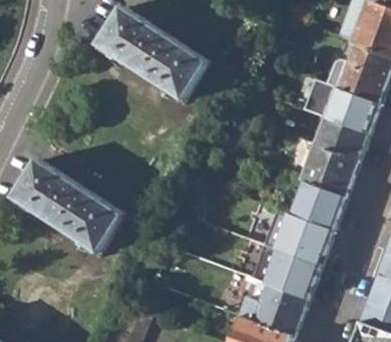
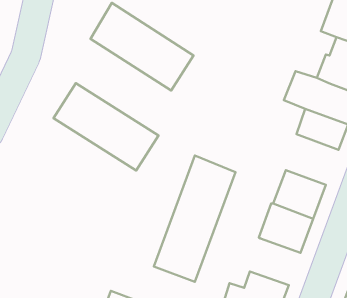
building: [300,143,356,196] -> none
building: [14,160,122,251] -> [53,83,158,171]
building: none -> [154,155,236,282]
building: [264,251,317,299] -> none

